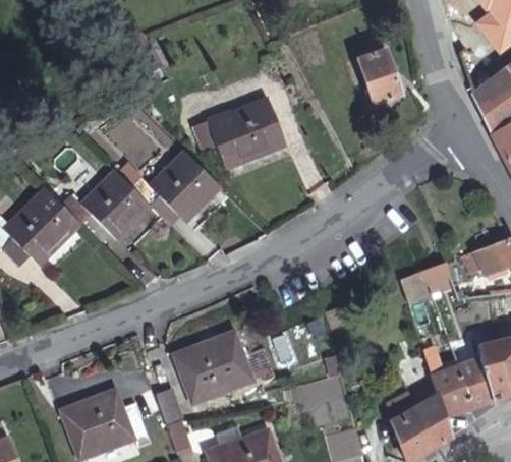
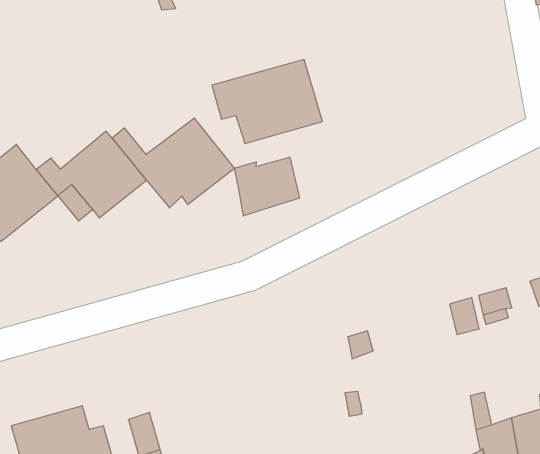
building: [358,44,401,102] -> none
building: none -> [235,157,299,216]
building: [176,331,254,404] -> none

